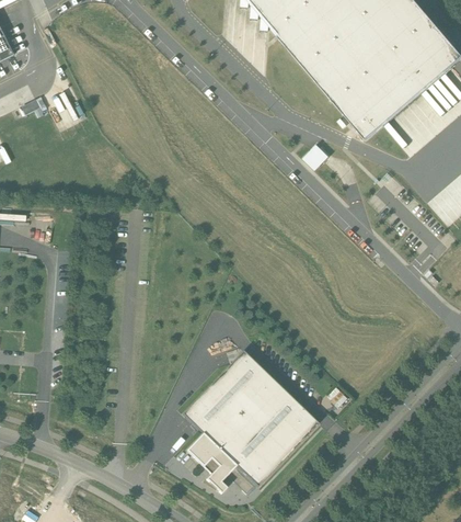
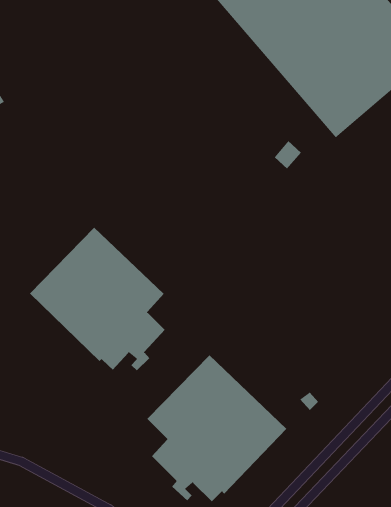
building: none -> [29,227,165,371]

